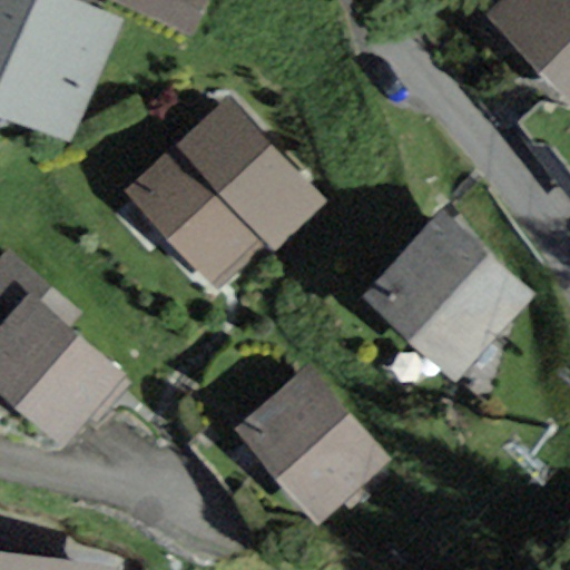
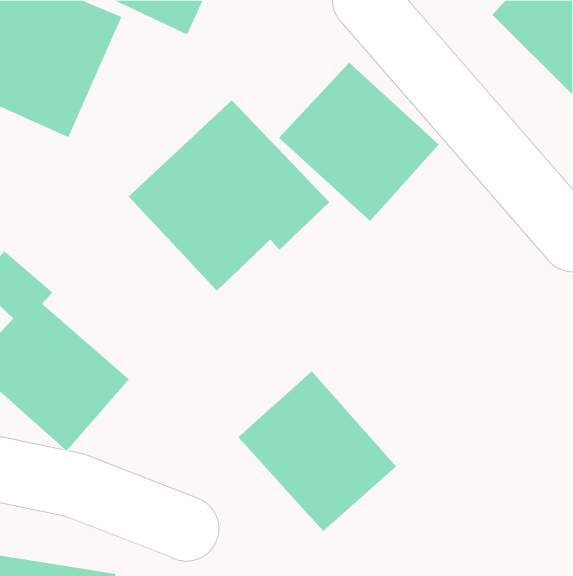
building: none -> [278,62,440,222]
building: [365,209,531,375] -> none

